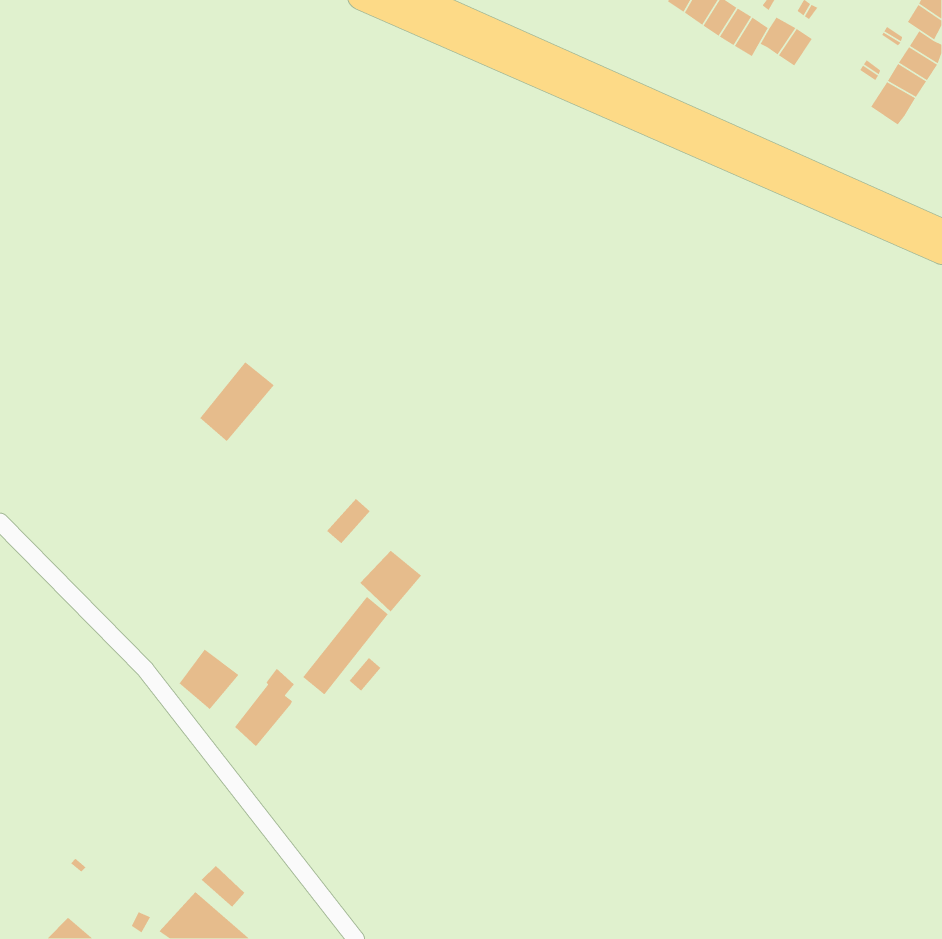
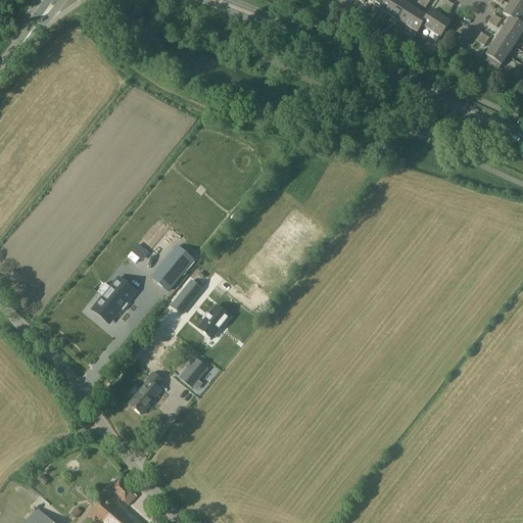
building: [199,361,275,442] -> [151,245,193,290]
building: none -> [89,275,134,322]
building: [179,649,239,710] -> none

